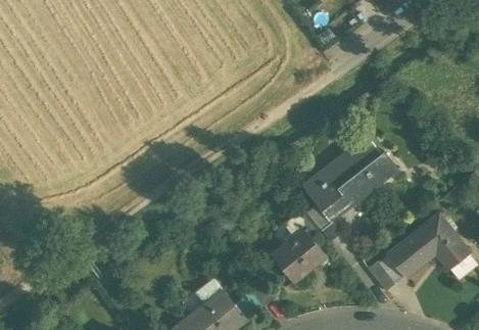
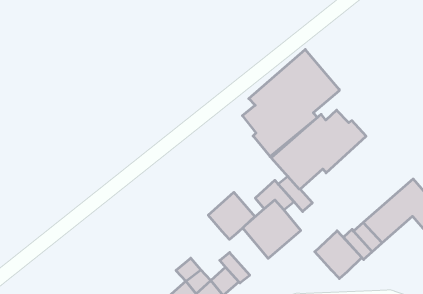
building: none -> [242,49,339,157]
building: none -> [208,192,255,239]
building: none -> [315,231,362,279]

